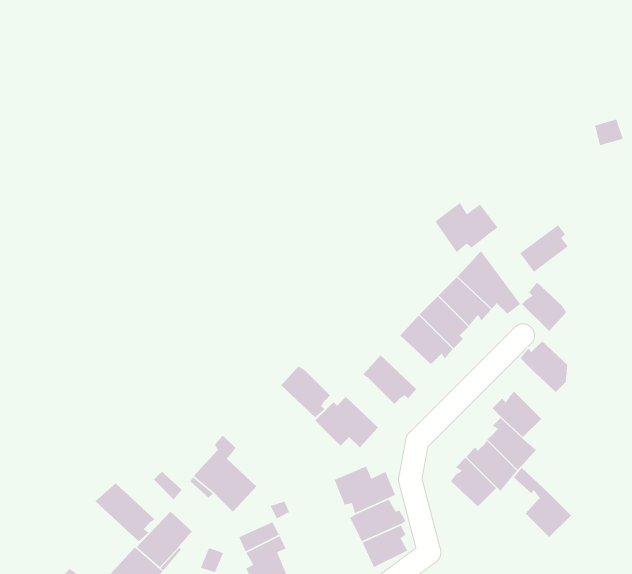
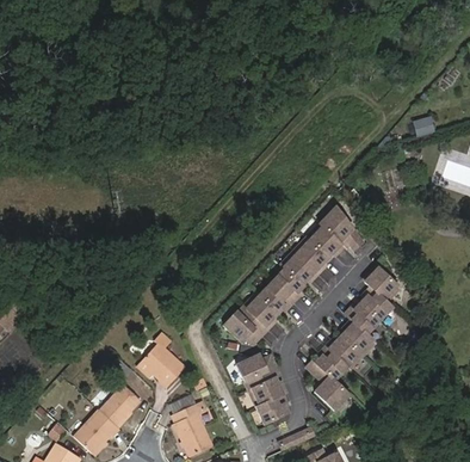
building: [435,202,499,253] -> none
building: [519,224,569,273] -> none
building: [521,282,566,332] -> [360,287,391,321]
building: none -> [268,264,304,301]
building: [280,364,331,418] -> [243,290,278,327]
building: [513,467,572,538] -> [310,364,351,413]
building: [94,482,156,542] -> none

